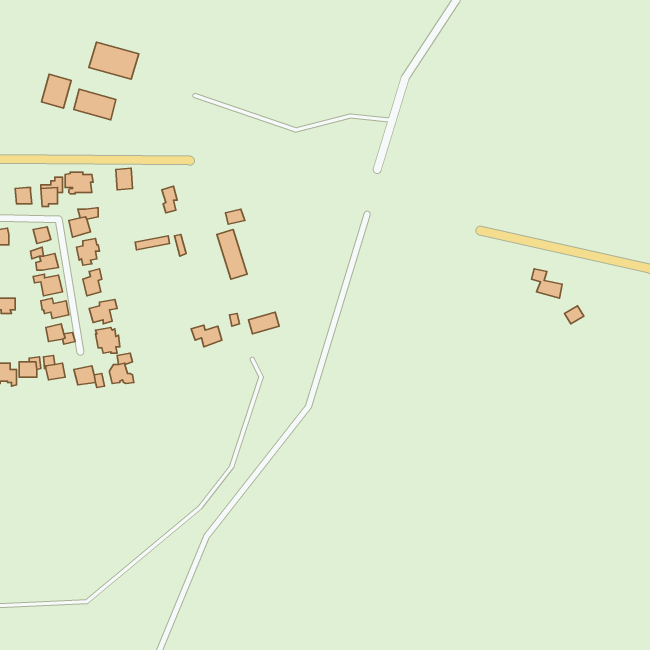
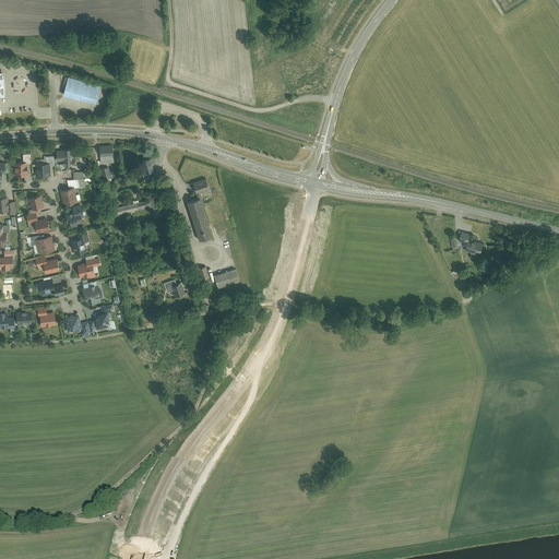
building: [89,42,139,79] -> none
building: [41,74,71,108] -> none

